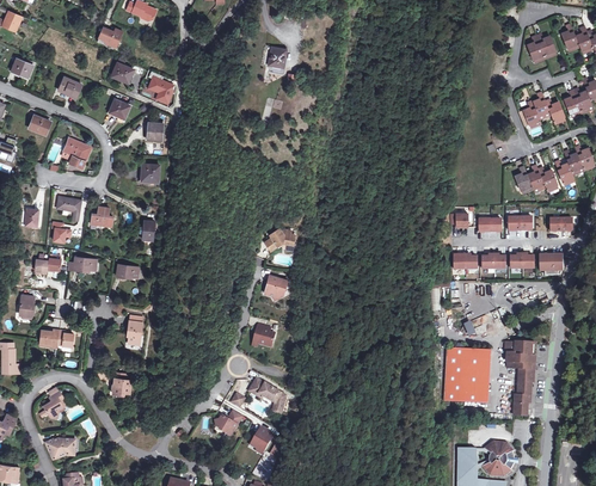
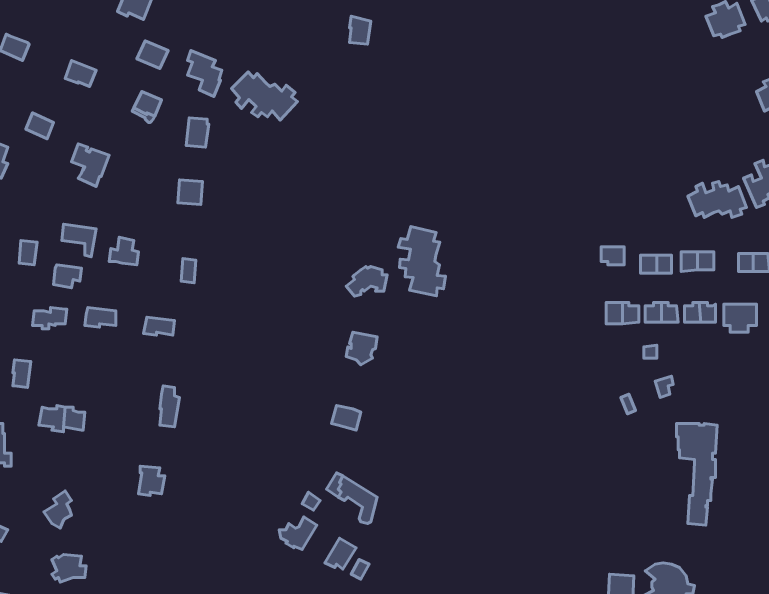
building: none -> [231,72,298,120]
building: [522,92,564,125] -> none
building: none -> [398,227,445,296]
building: [442,346,489,405] -> none

